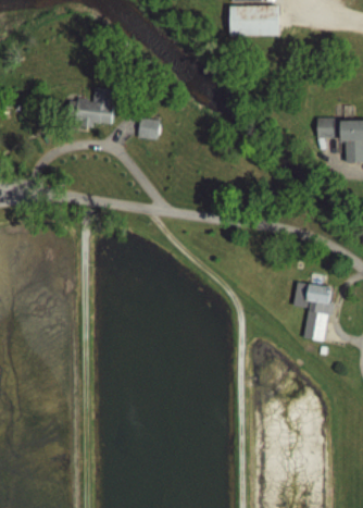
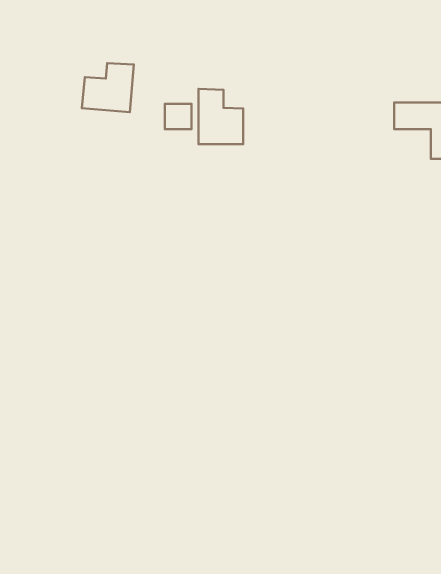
building: none -> [199,89,243,144]
building: [291,282,330,332] -> none

